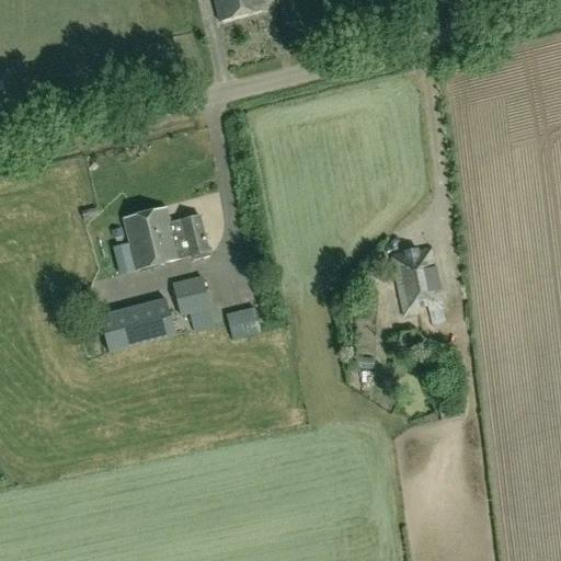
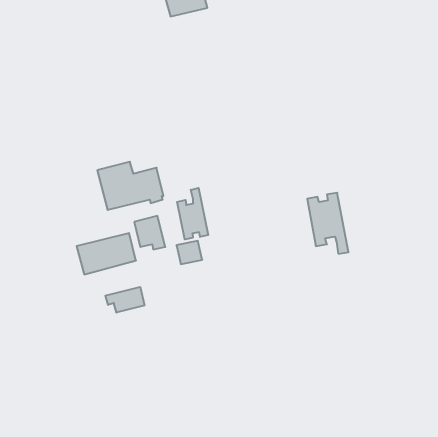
building: none -> [177,188,208,239]
building: none -> [105,287,144,313]

